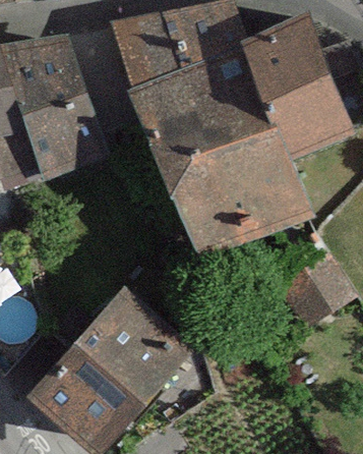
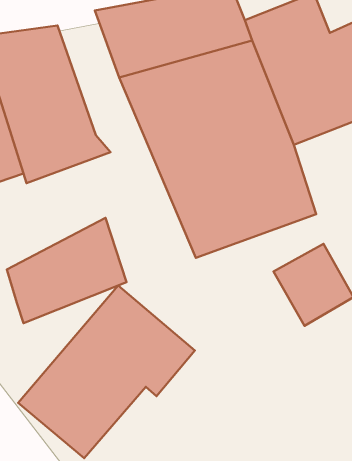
building: none -> [7,218,126,323]

